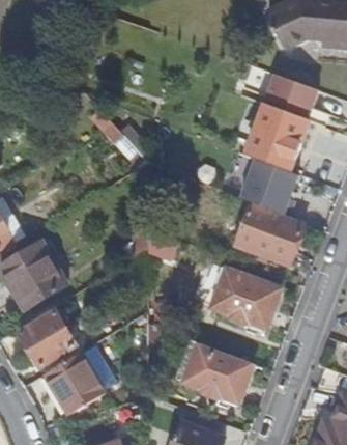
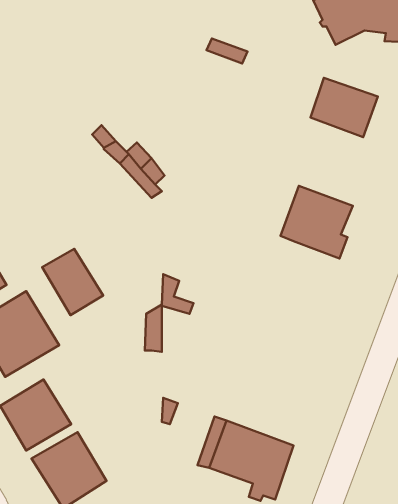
building: [247,105,309,169] -> none
building: [235,202,303,265] -> none
building: none -> [42,249,103,315]
building: [213,270,279,329] -> none

